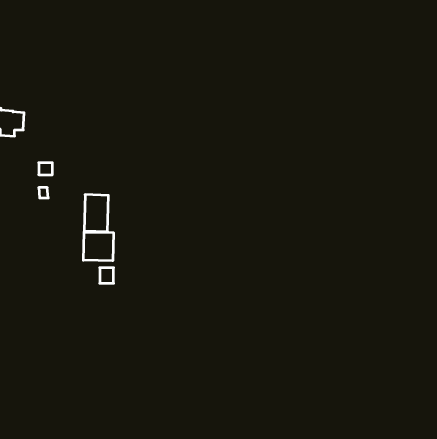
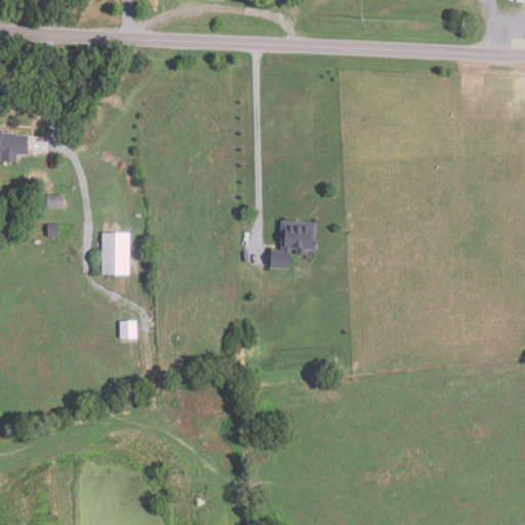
building: none -> [270,220,317,269]
building: [83,232,113,261] -> none

